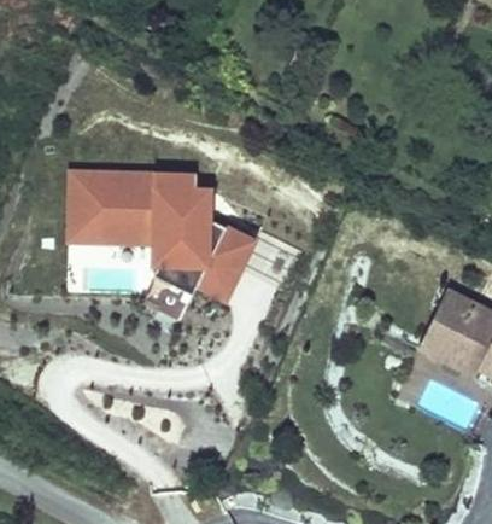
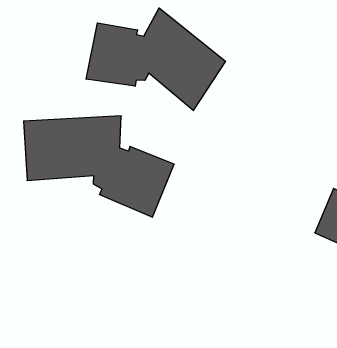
building: none -> [86,8,225,111]

